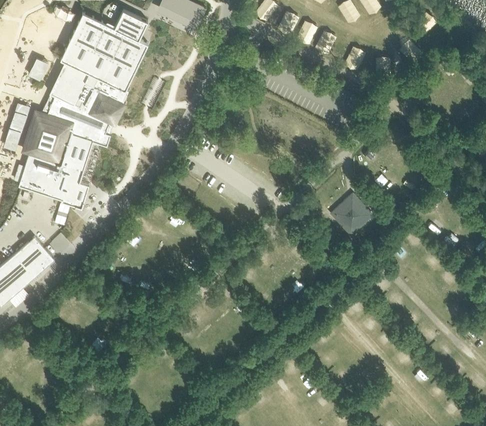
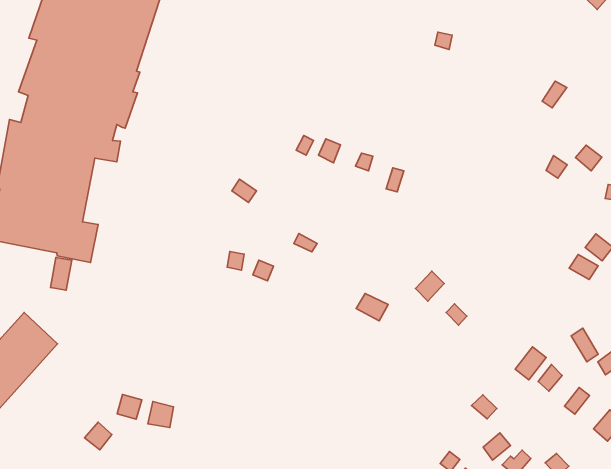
building: [328,193,373,238] -> none

